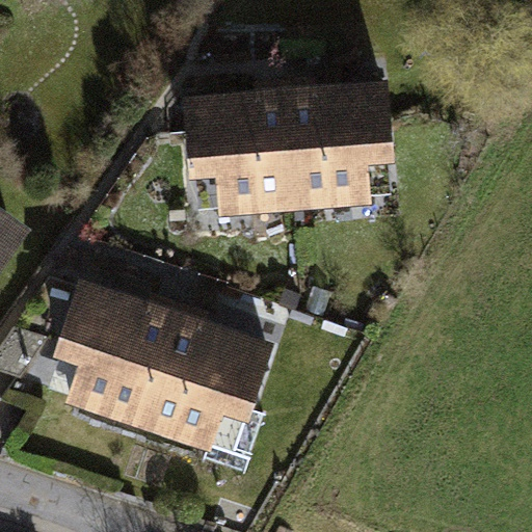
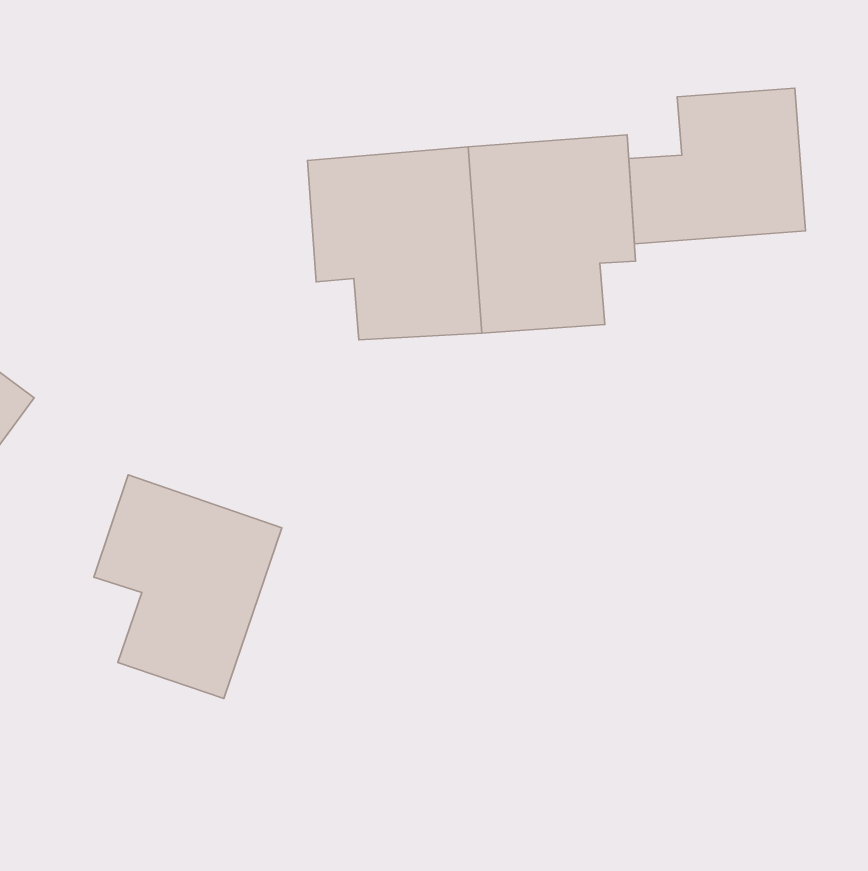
building: none -> [629,88,805,244]
building: [136,322,269,449] -> none

